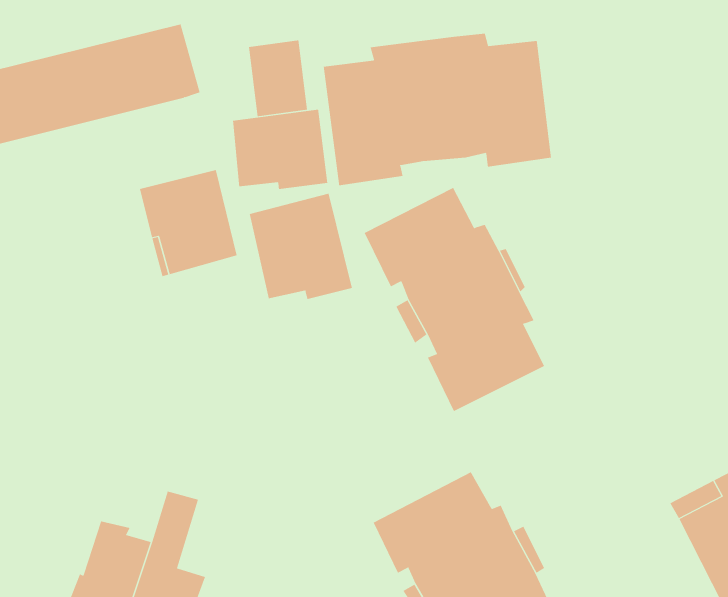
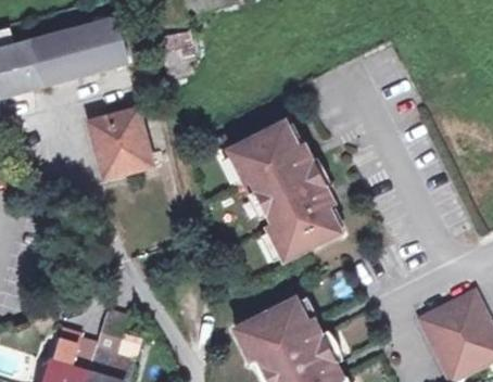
building: [323,33,552,186] -> none
building: [232,109,328,190] -> none
building: [249,193,353,300] -> none

